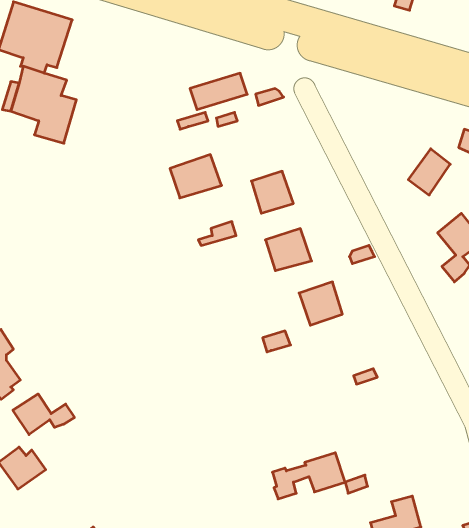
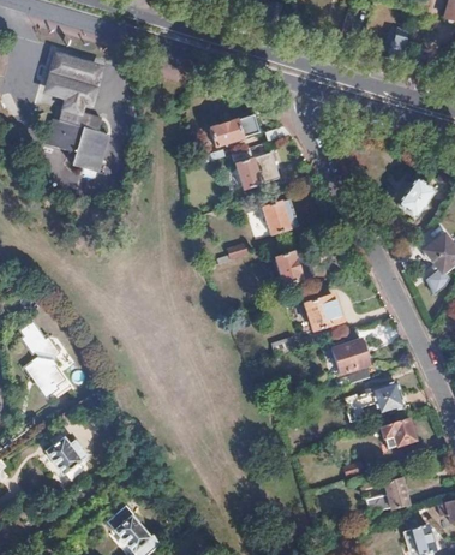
building: [170,155,222,198] -> [235,151,280,189]
building: none -> [333,338,369,372]
building: [13,394,74,435] -> none
building: none -> [381,417,414,448]
building: [272,453,345,499] -> [343,381,406,420]

